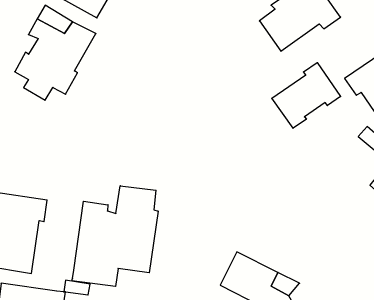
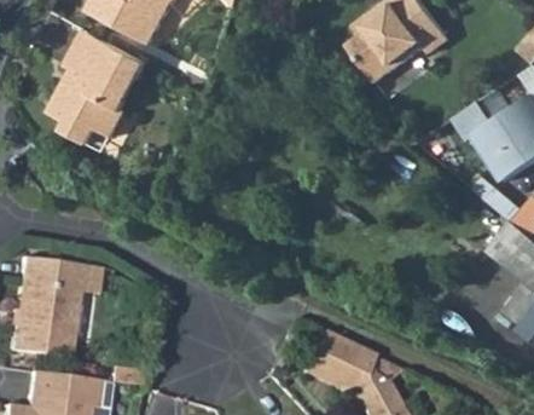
building: [272,63,341,128] -> none
building: [72,186,158,286] -> none

